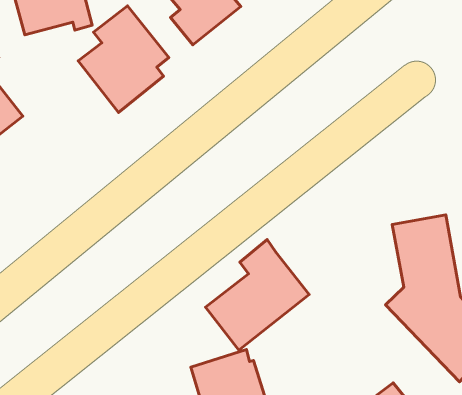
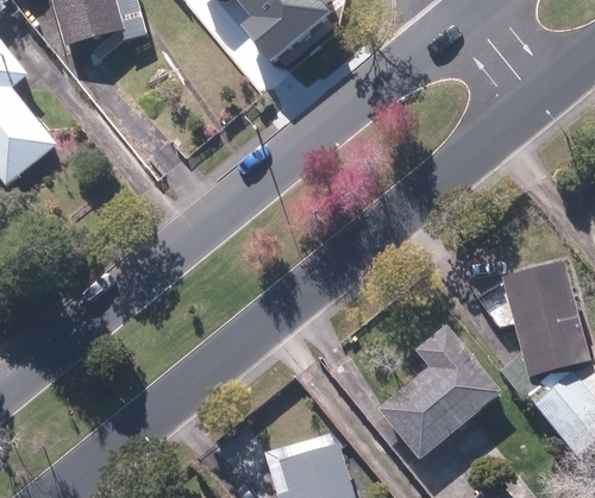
building: [78,6,169,112] -> none
building: [206,240,309,350] -> [377,326,503,460]

